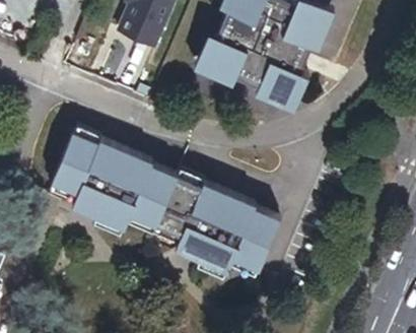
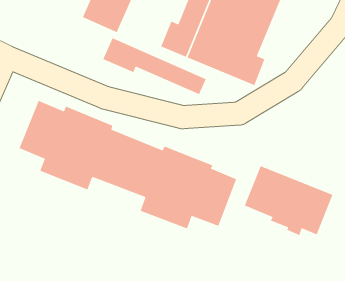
building: none -> [102,37,207,95]
building: none -> [244,165,334,236]

